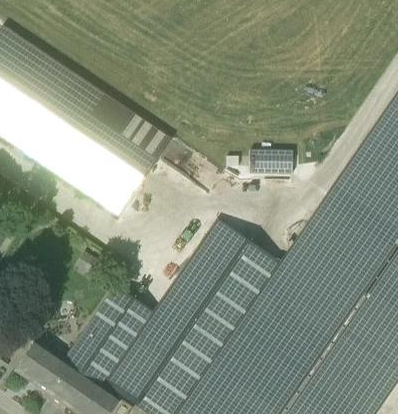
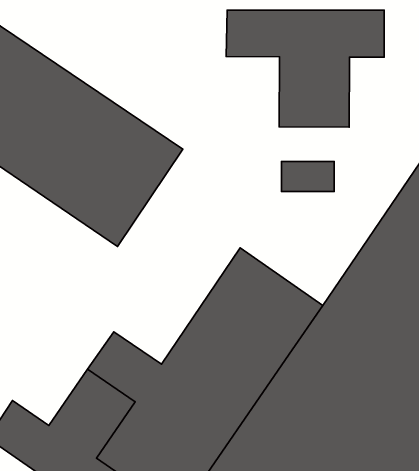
building: none -> [226,10,384,127]

